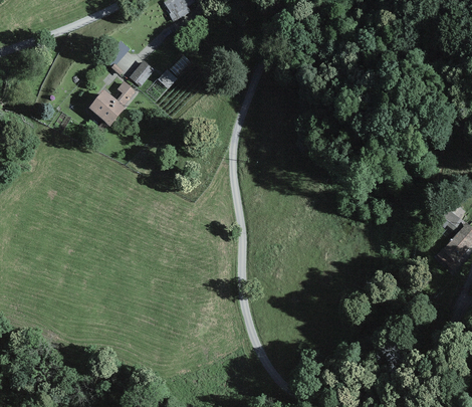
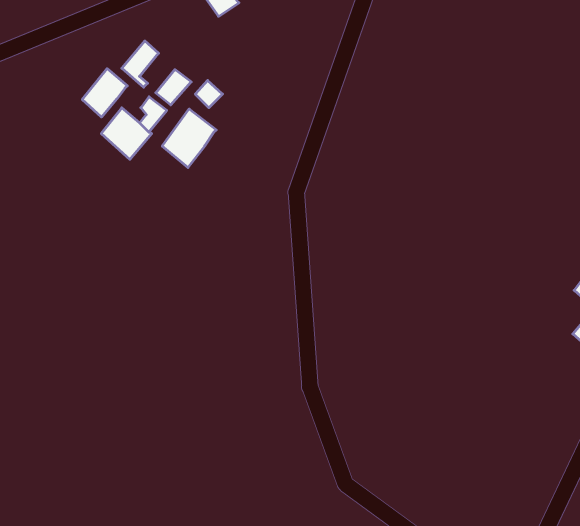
building: none -> [82,69,127,117]
building: none -> [162,109,216,168]

